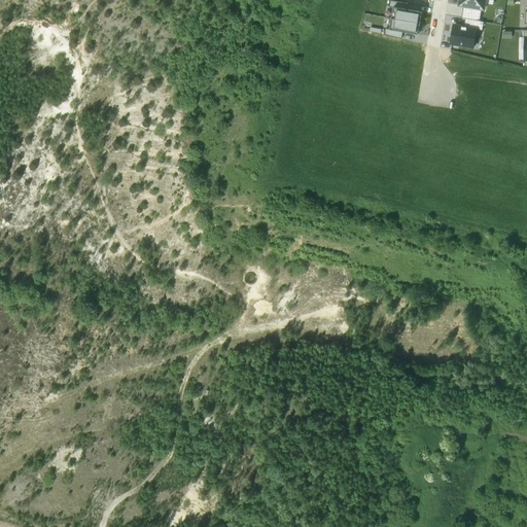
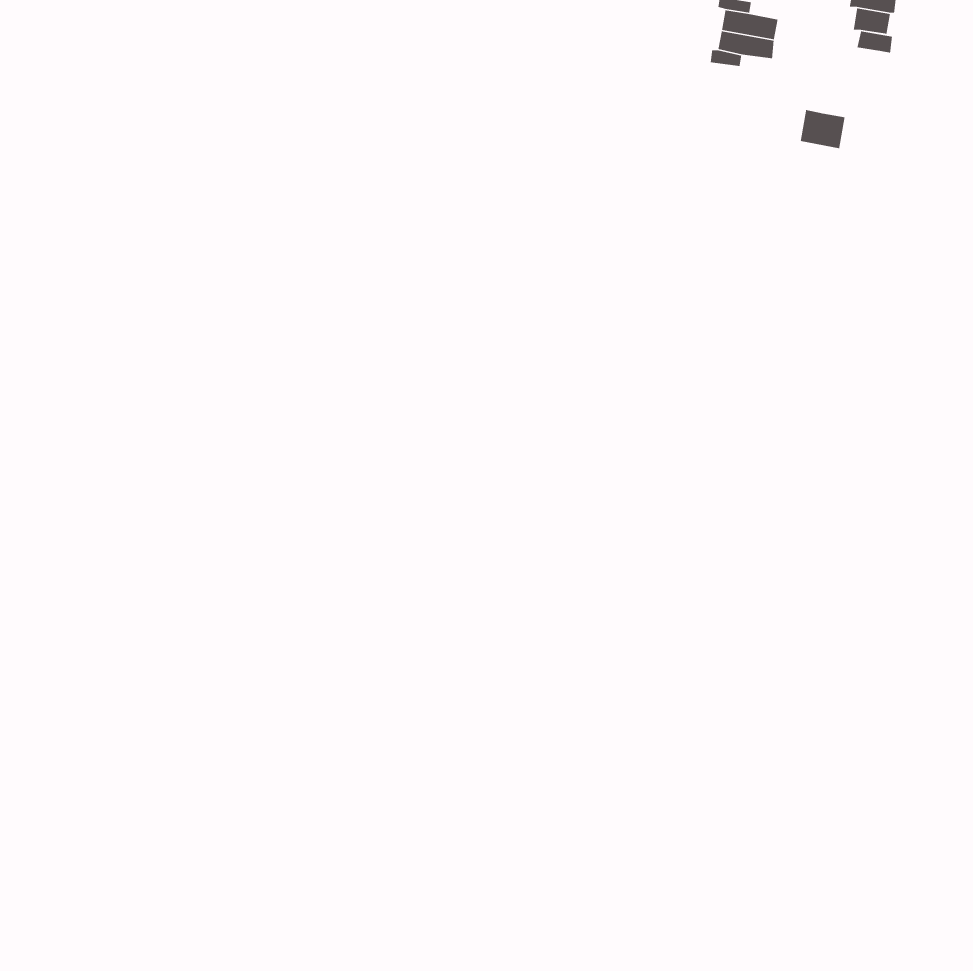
building: [450,24,475,45] -> [800,109,846,149]

